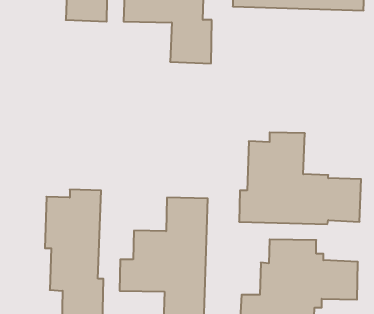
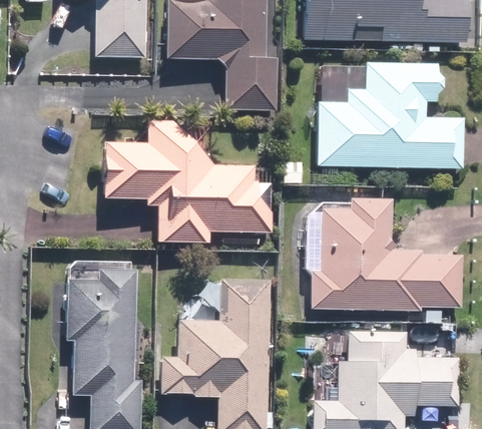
building: none -> [316,61,464,169]
building: none -> [105,119,271,243]

